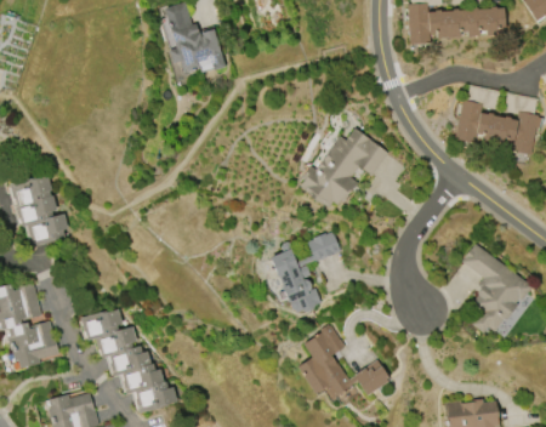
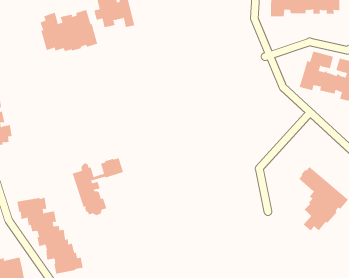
building: none -> [40,9,98,52]
building: [300,129,388,209] -> none
building: [271,233,341,314] -> [72,158,124,216]
building: [297,325,391,398] -> none

